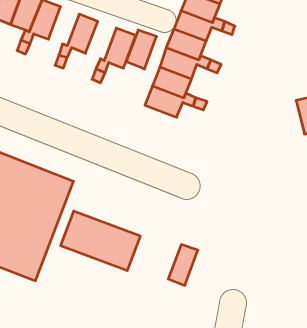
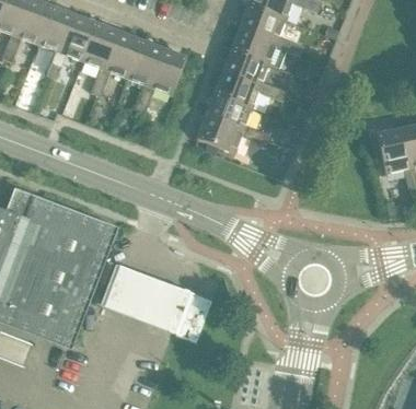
building: none -> [84,22,120,68]
building: [126,30,157,69] -> [128,39,164,85]
building: [168,245,198,285] -> [177,292,212,340]

